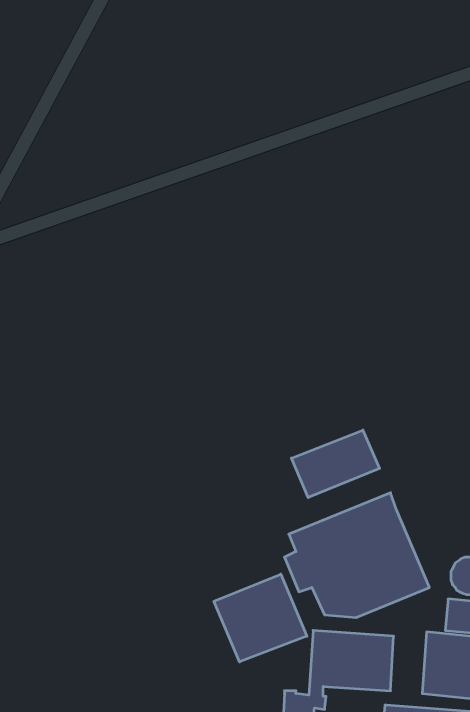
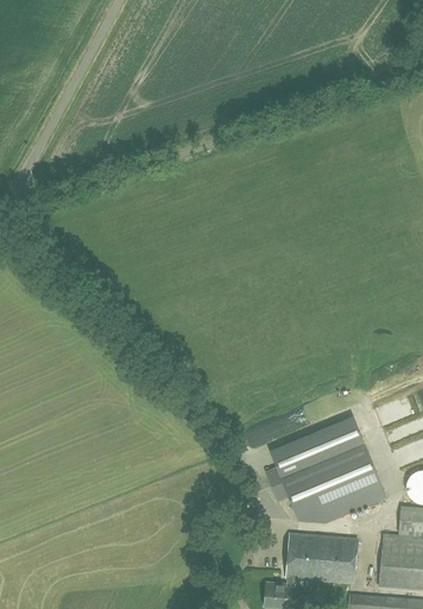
building: [291,430,380,498] -> none
building: [214,574,307,662] -> none

